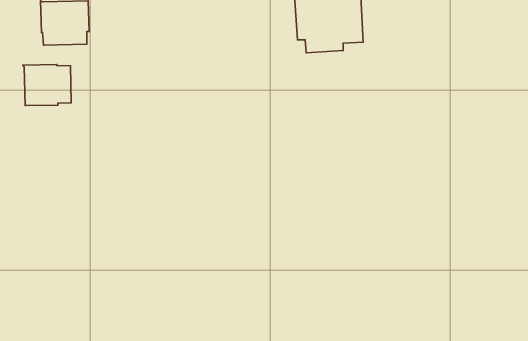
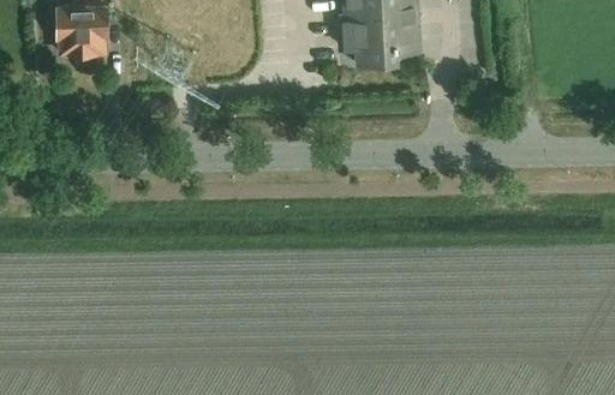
building: [23,65,71,106] -> none

